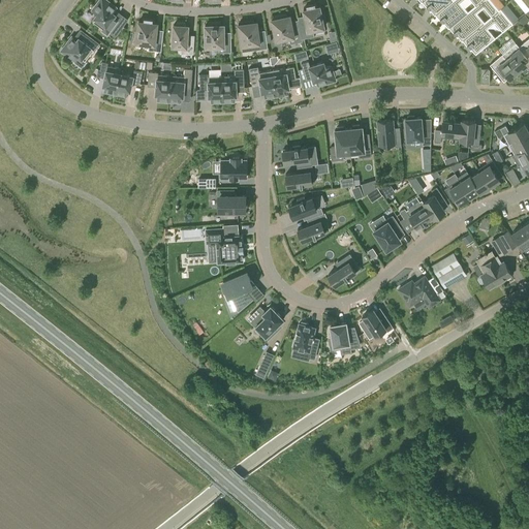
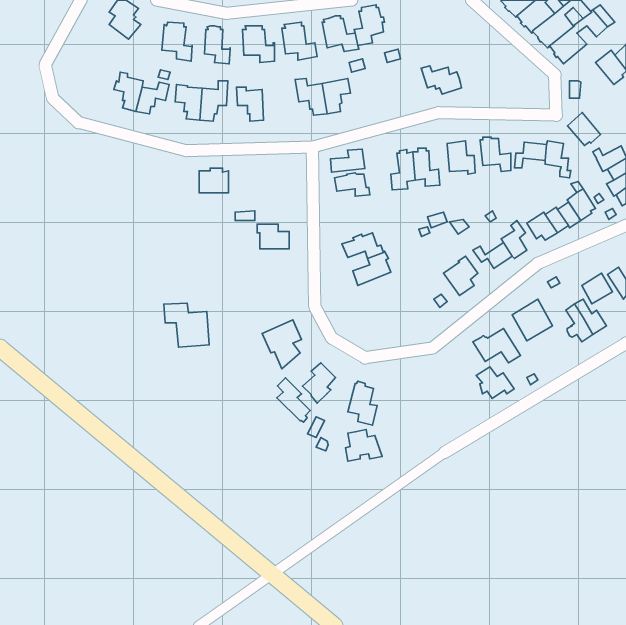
building: [61,34,100,66] -> none
building: [490,54,518,82] -> [567,112,601,145]
building: [301,62,335,86] -> [421,66,462,94]
building: [221,69,244,102] -> none
building: [221,158,246,179] -> [199,168,229,193]
building: [285,165,314,185] -> [330,149,365,172]
building: [205,227,243,264] -> [164,303,209,347]
building: [328,254,360,286] -> none
building: [362,309,394,336] -> [476,367,514,399]
building: none -> [277,378,310,422]
building: [329,323,360,350] -> [345,429,382,461]

